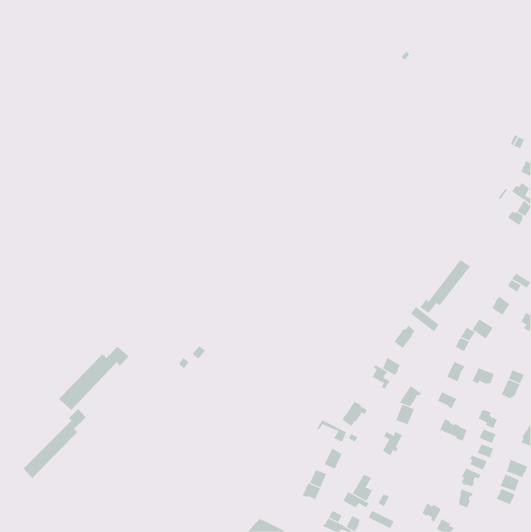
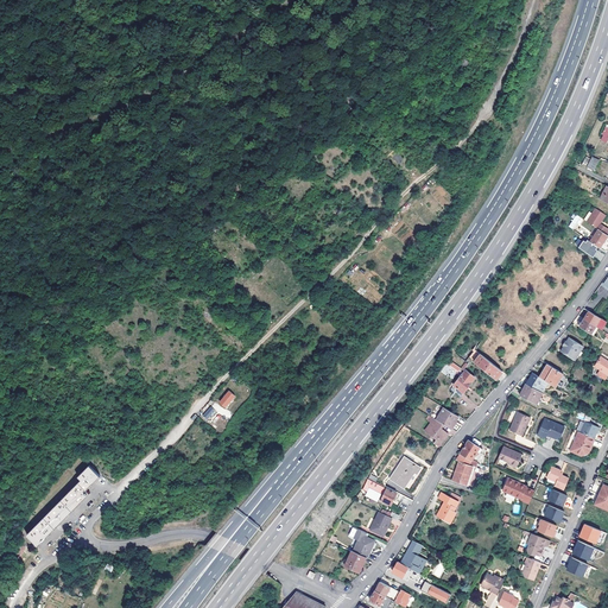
building: [419,259,471,314] -> none
building: [58,346,129,411] -> none

